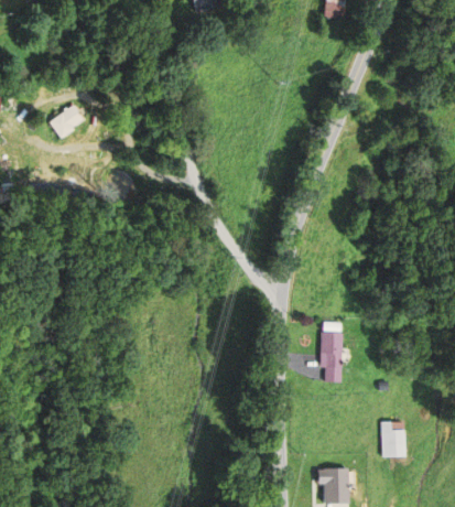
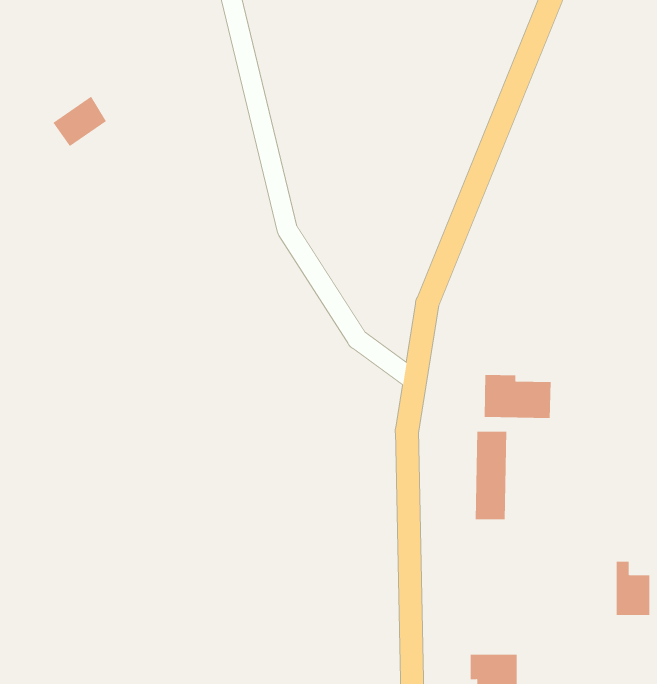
building: none -> [484,374,551,419]
building: [382,421,404,456] -> [616,561,650,616]

